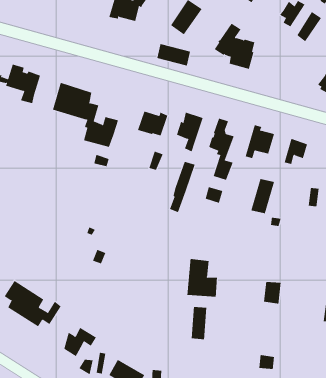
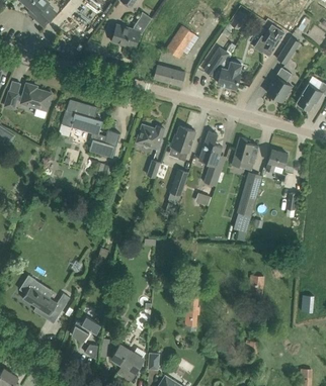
building: none -> [266,68,292,102]
building: [187,258,218,297] -> none

